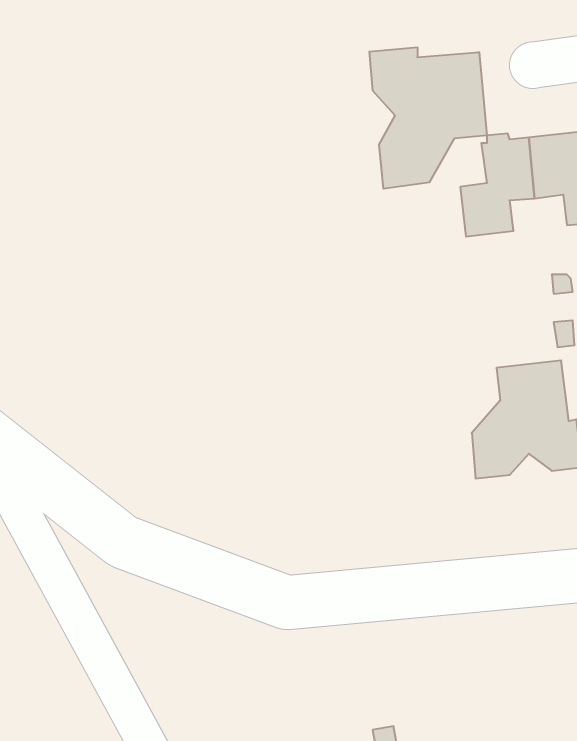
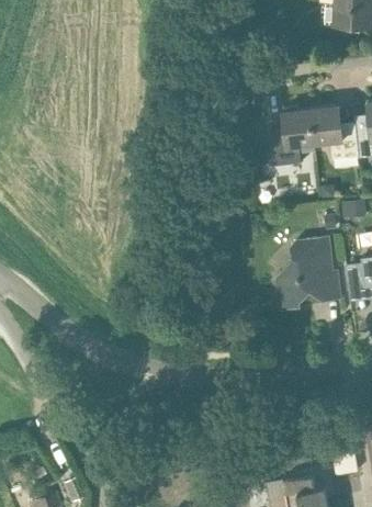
building: [369,47,487,189] -> none

